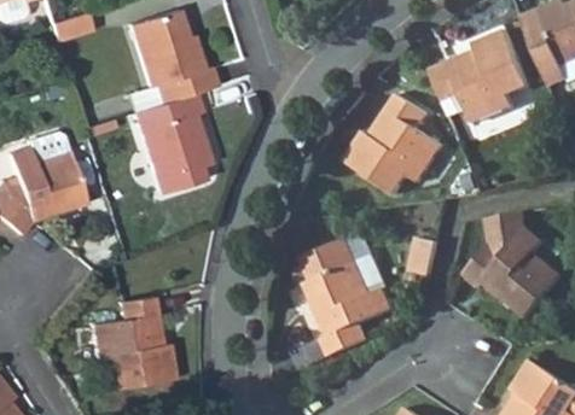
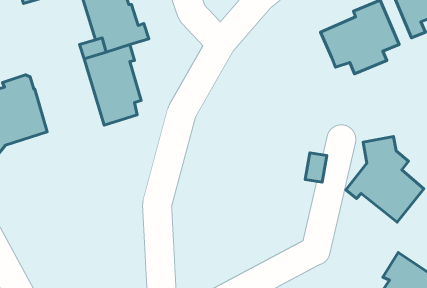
building: [344,95,442,197] -> none
building: [300,236,391,357] -> none
building: [91,299,174,392] -> none

